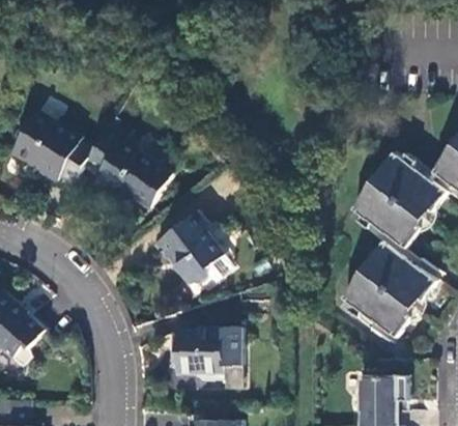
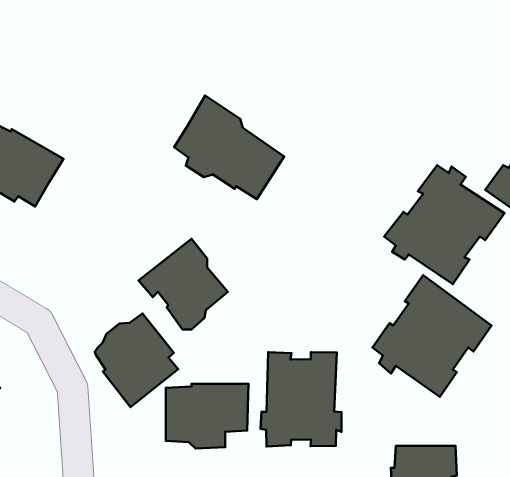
building: [83,123,171,206] -> [174,96,284,199]
building: none -> [95,313,178,407]
building: none -> [260,352,342,446]

